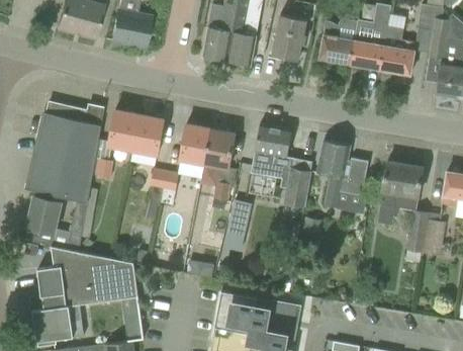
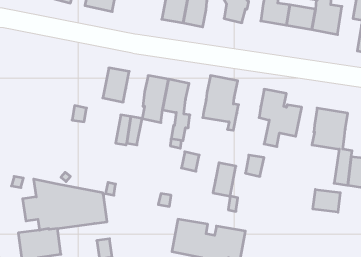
building: [28,101,104,203] -> none
building: [108,109,140,150] -> none
building: [284,168,311,207] -> [213,163,236,196]
building: [26,195,82,252] -> none
building: none -> [313,189,340,212]

